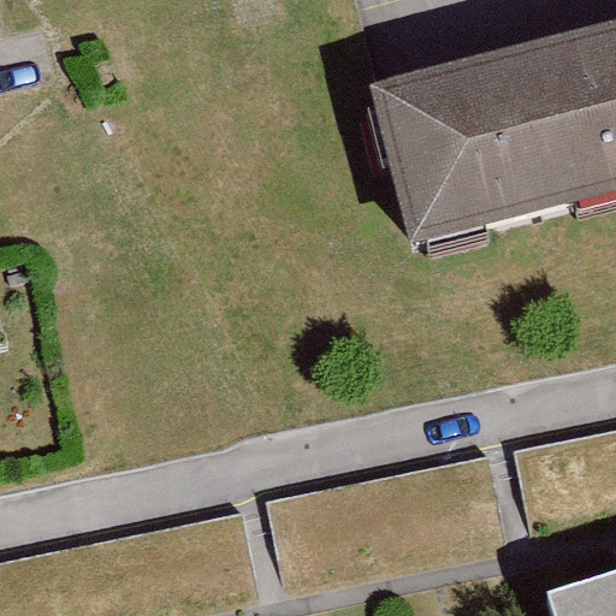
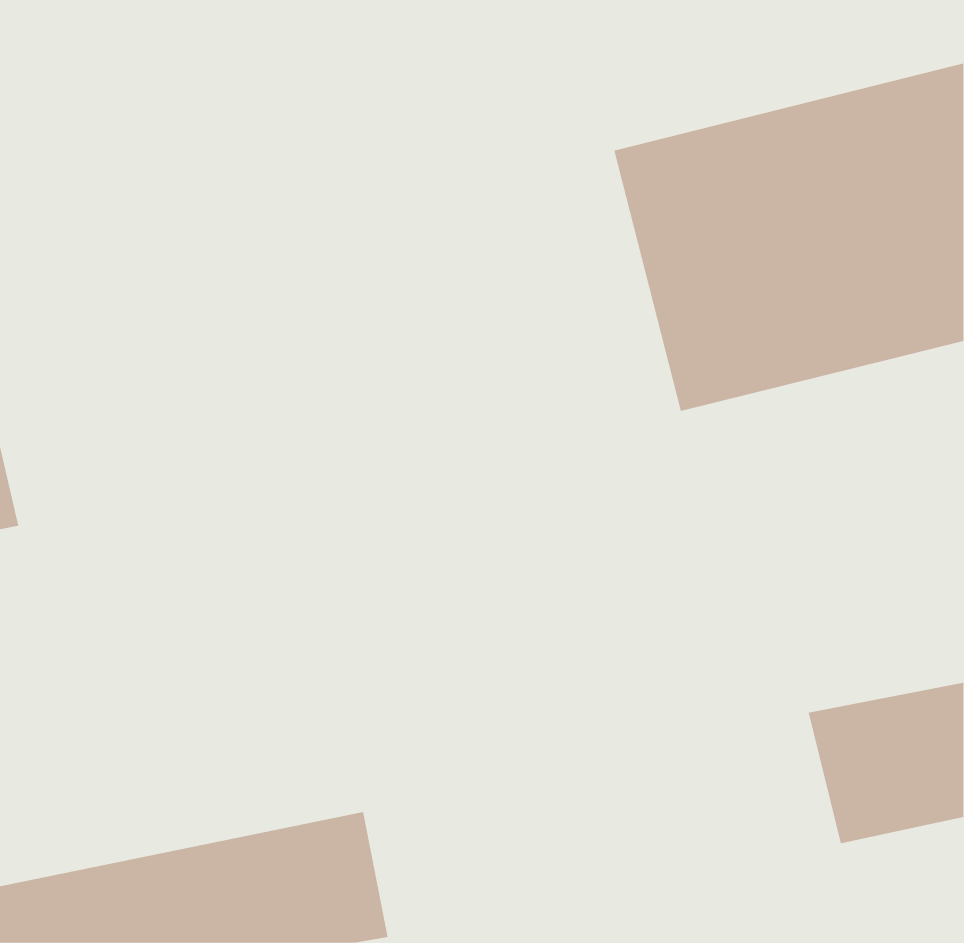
building: [265,458,498,587] -> none

